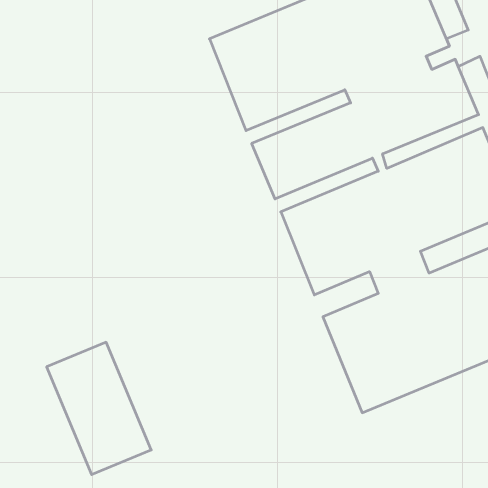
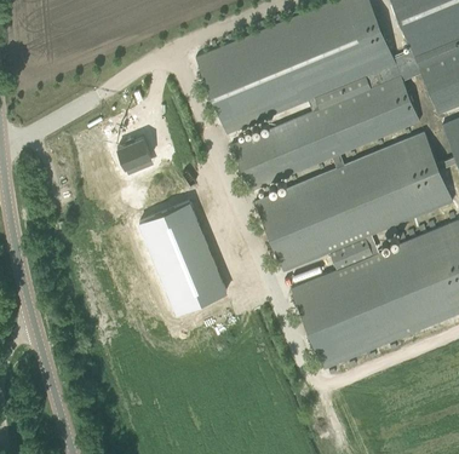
building: none -> [117,136,171,166]
building: [47,342,151,475] -> [138,200,225,310]

